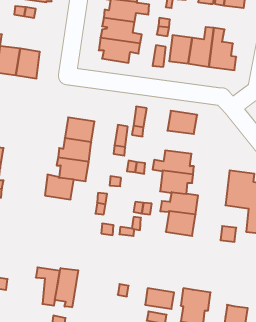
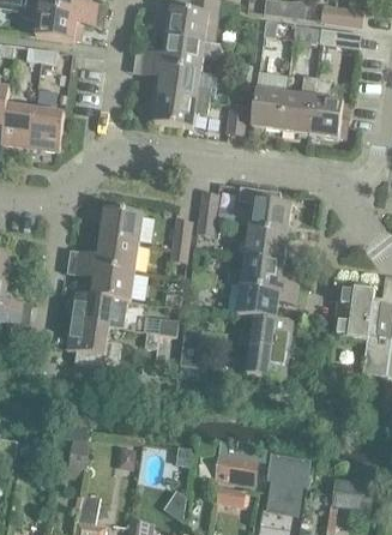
building: none -> [245,226,287,259]
building: none -> [66,319,121,367]
building: [55,268,78,307] -> none

